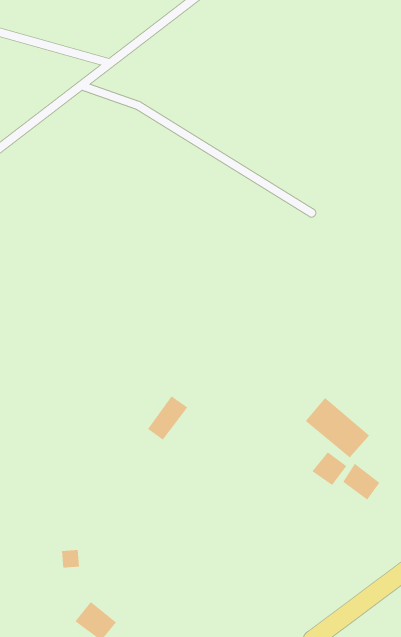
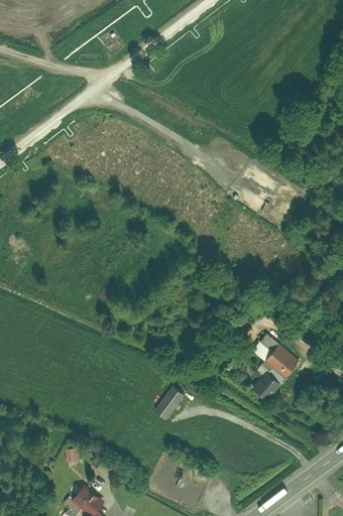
building: [147,396,188,441] -> [153,384,185,418]
building: [342,463,380,500] -> none

